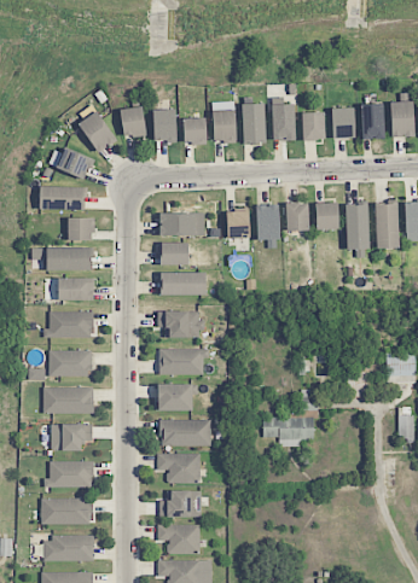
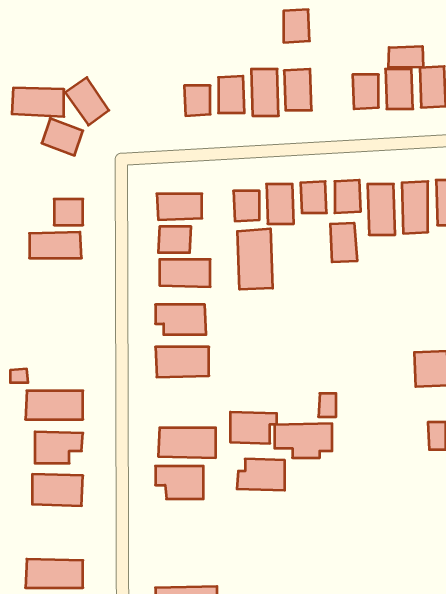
building: none -> [388,46,423,67]
building: [120,106,145,134] -> none
building: [152,109,176,140] -> none
building: [302,111,325,140] -> [284,10,310,42]
building: [39,185,85,210] -> [12,88,64,117]
building: none -> [330,223,357,262]
building: none -> [237,229,273,289]
building: [57,276,93,299] -> none
building: [48,310,93,337] -> none
building: [48,349,91,375] -> none
building: [157,383,198,410] -> [230,412,277,443]
building: [158,489,201,517] -> [237,459,285,490]
building: [41,497,91,523] -> none
building: [157,523,199,553] -> none

